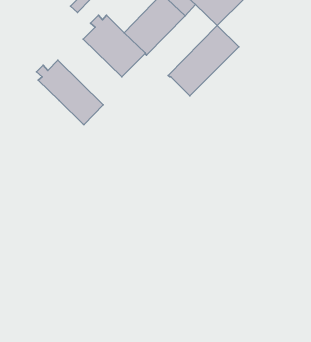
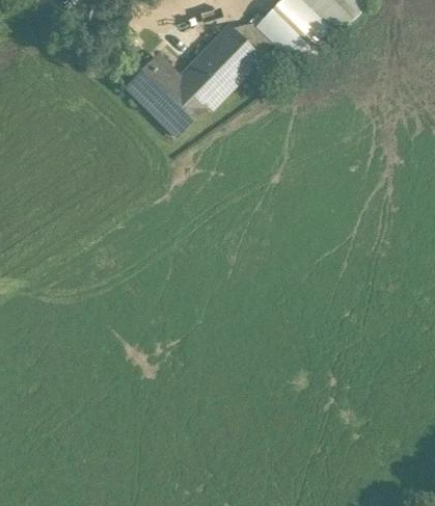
building: [168,25,239,96] -> none
building: [37,60,103,125] -> none

